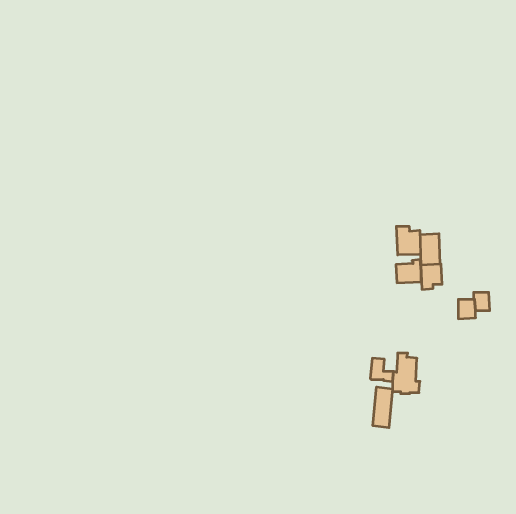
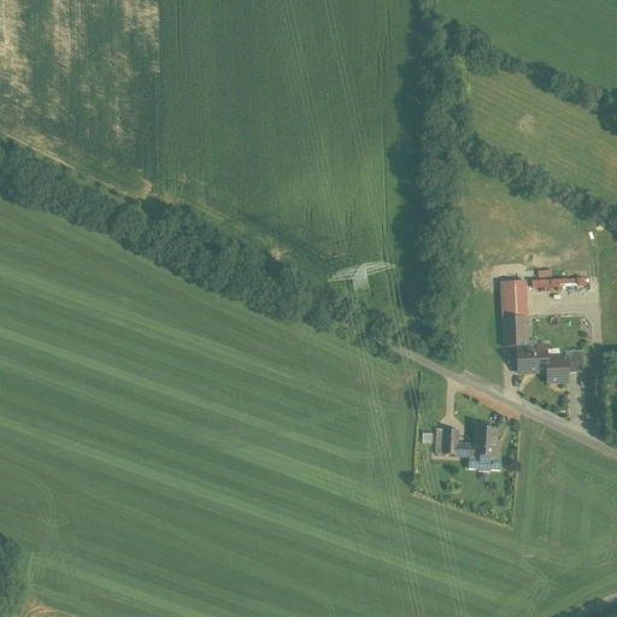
building: [396,226,421,255] -> none
building: [396,260,421,283] -> [516,342,546,370]
building: [373,387,393,428] -> none

